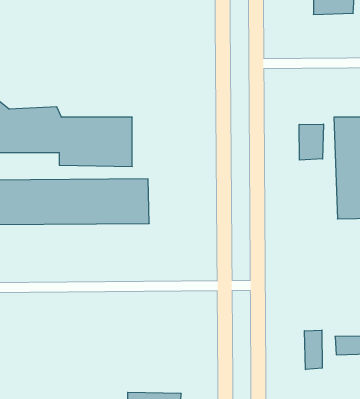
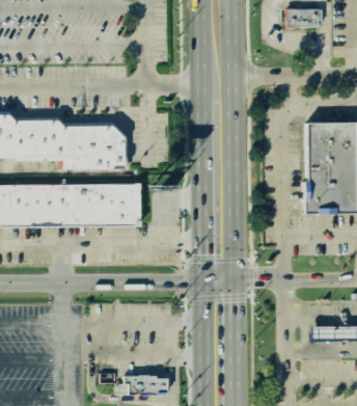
building: [299,124,323,160] -> none
building: [304,330,322,370] -> none

